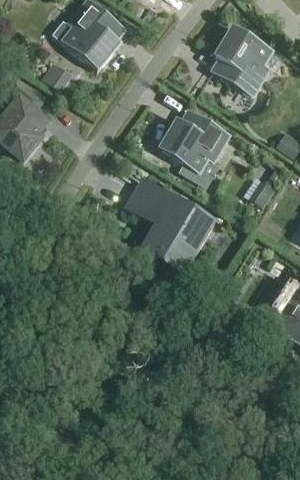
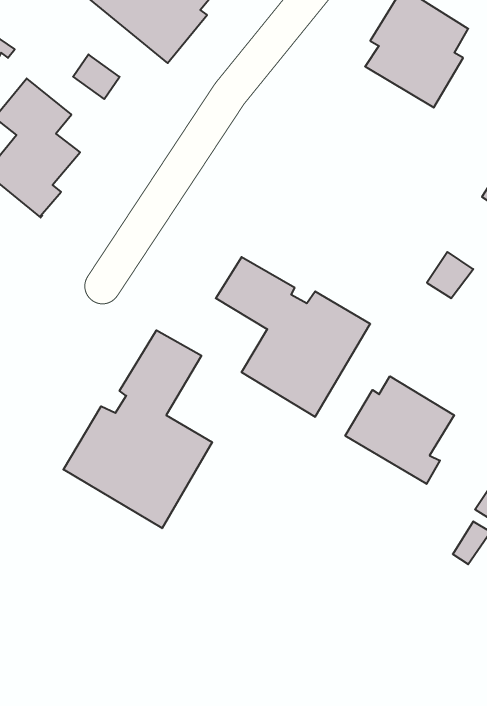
building: [160,109,230,172] -> none
building: none -> [63,330,212,528]
building: none -> [345,376,454,484]

